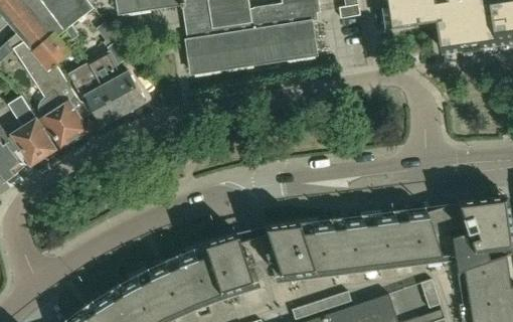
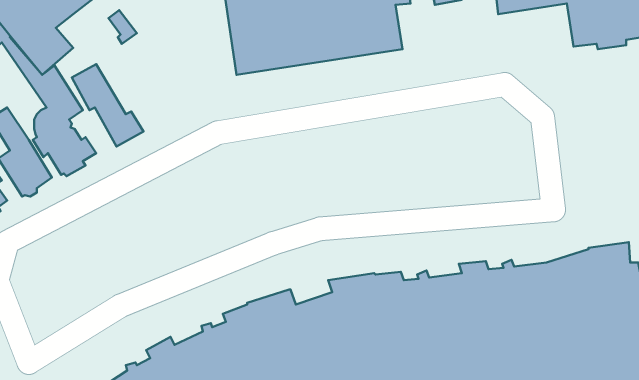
building: [89,51,146,114] -> none

